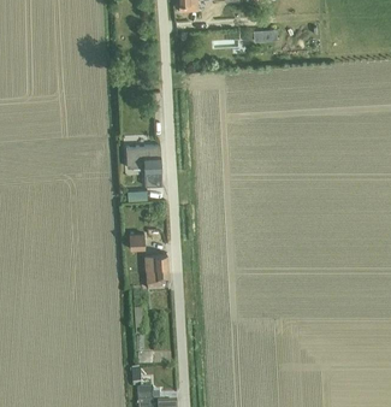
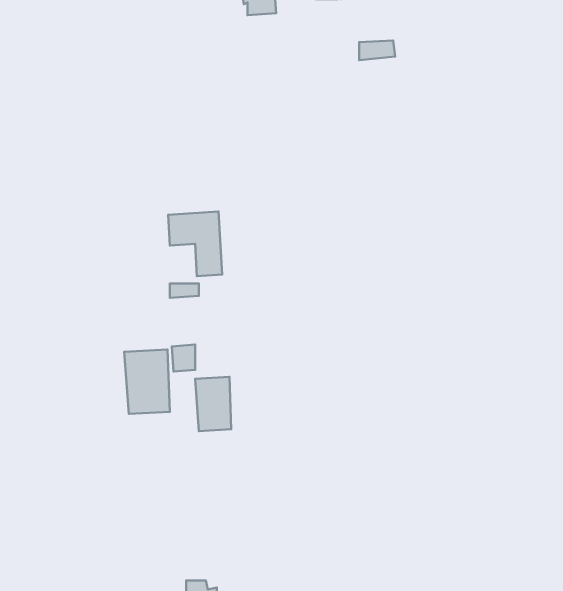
building: none -> [124,349,170,414]

